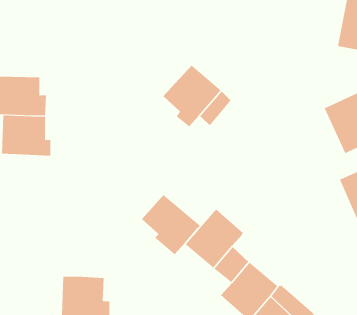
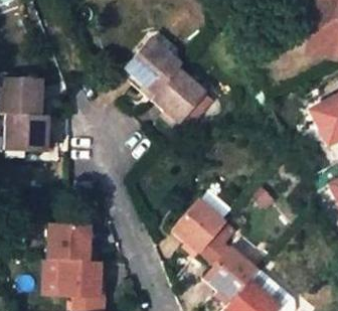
building: none -> [123,38,181,98]
building: [141,194,201,255] -> none
building: none -> [48,224,94,262]

